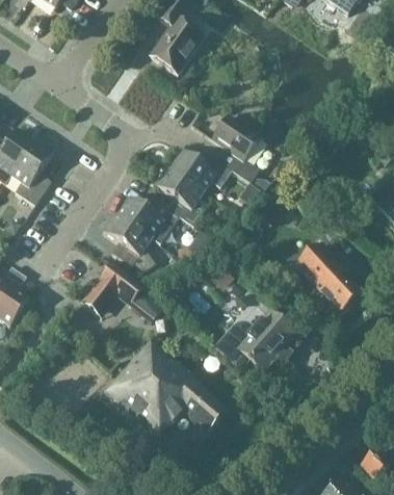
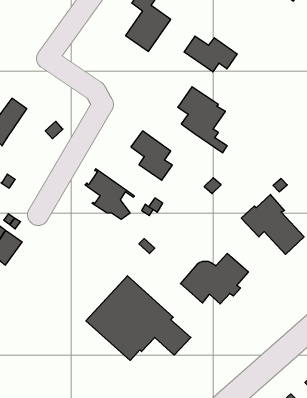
building: none -> [184,36,237,72]
building: [12,140,54,204] -> none
building: [172,150,233,190] -> none
building: [120,196,181,243] -> none
building: [83,261,168,321] -> none

